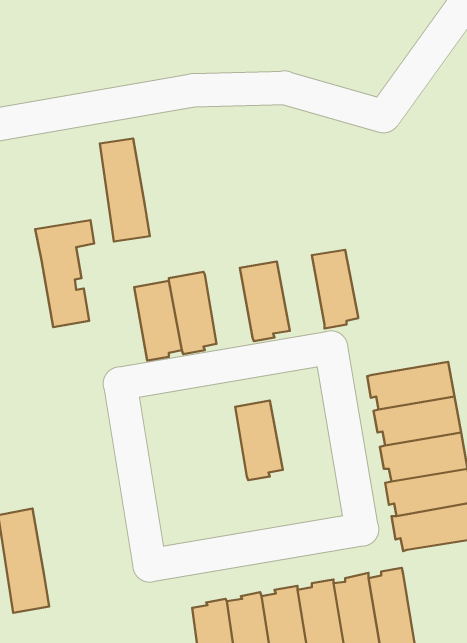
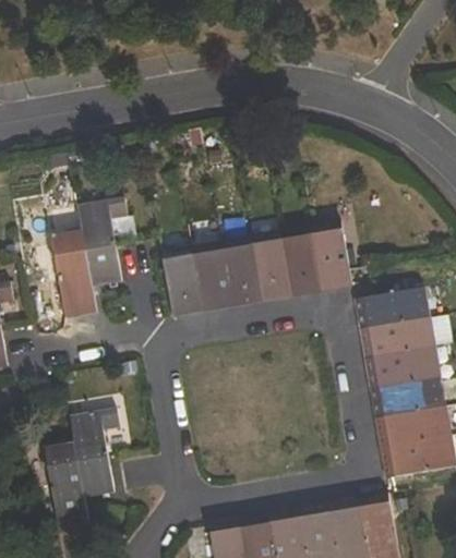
building: [100,138,150,241] -> [55,232,97,319]
building: none -> [283,228,323,295]
building: none -> [355,288,428,329]
building: [235,400,283,480] -> [221,239,262,306]
building: none -> [71,410,120,499]

